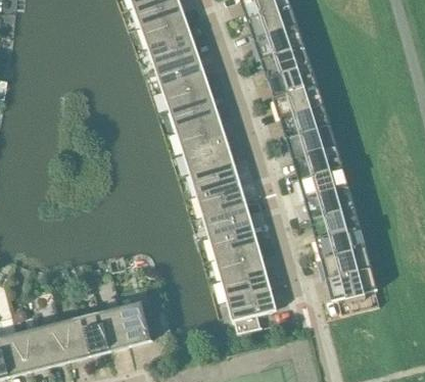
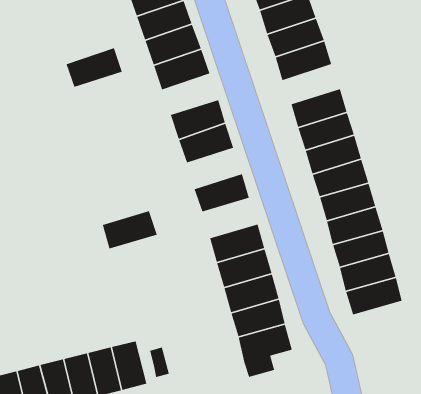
building: [266,65,316,99] -> none
building: [162,74,211,108] -> [66,47,123,88]
building: [184,137,232,172] -> none
building: [197,180,245,213] -> [102,210,158,250]
building: [326,268,378,315] -> none

